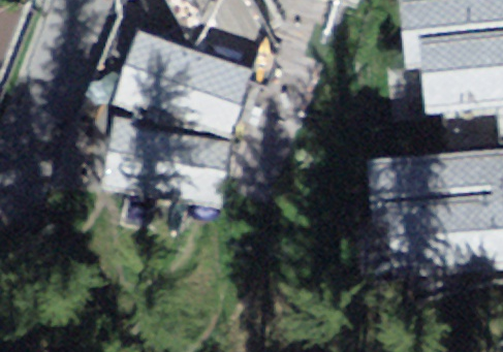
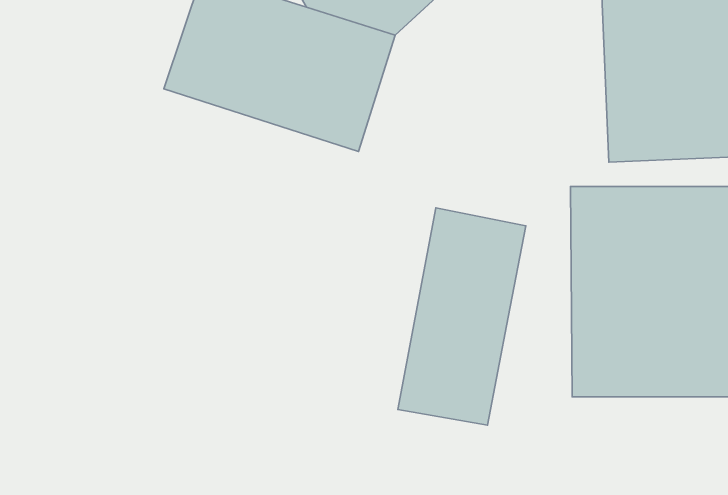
building: [106,103,240,196] -> none
building: none -> [398,208,526,425]

